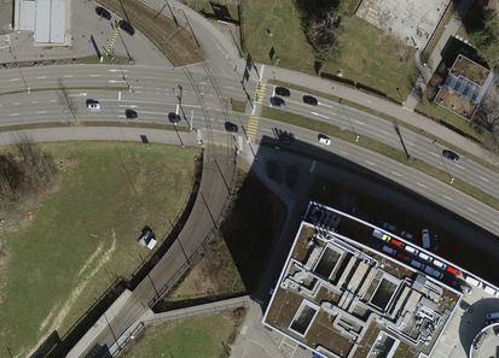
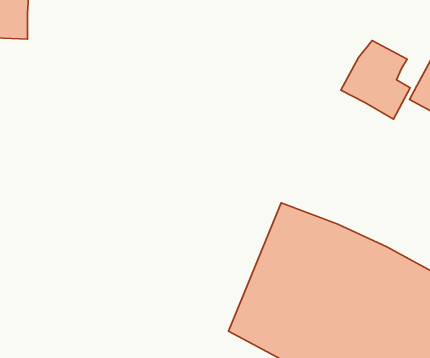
building: none -> [341,40,410,119]

